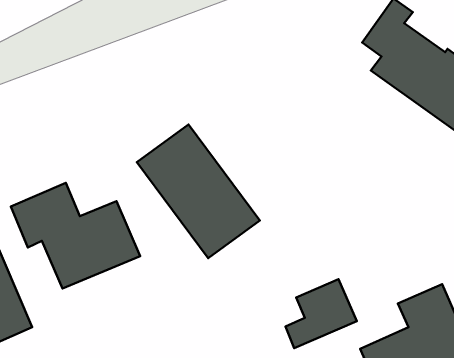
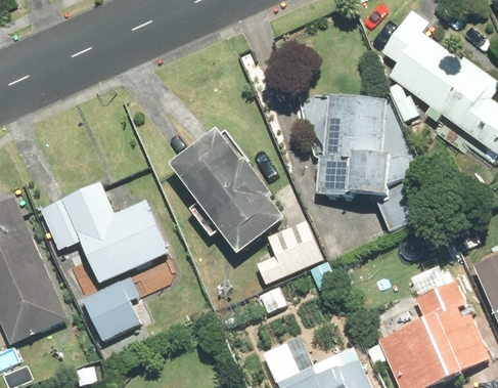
building: none -> [317,95,435,228]
building: [286,279,357,348] -> [257,219,324,285]
building: none -> [81,278,143,342]

